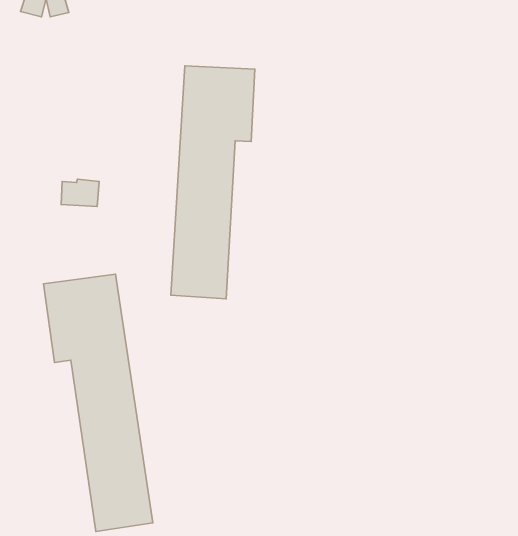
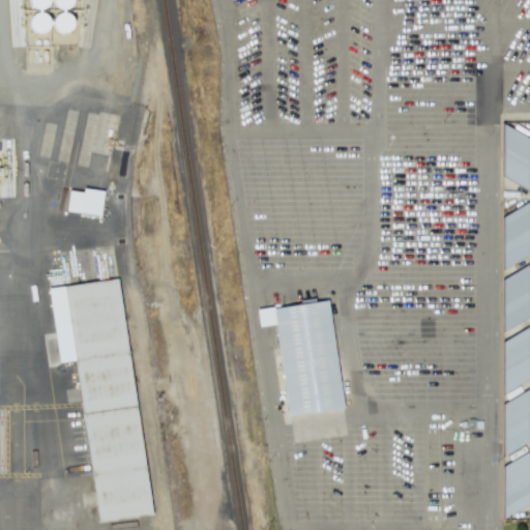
building: [171,66,255,299] -> none
building: none -> [259,300,344,415]

